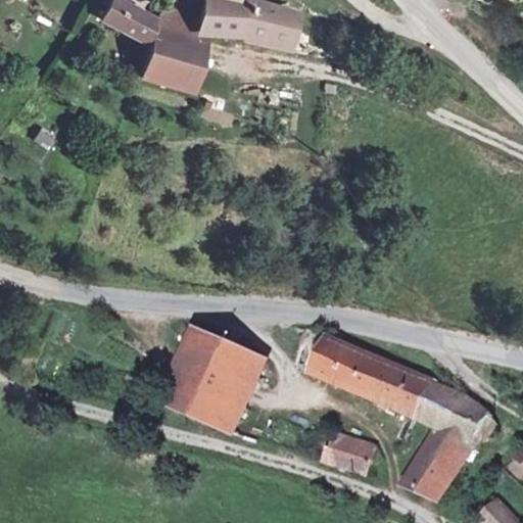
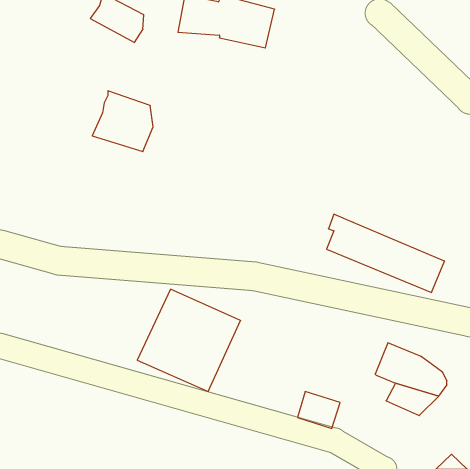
building: [141,28,208,95] -> [92,91,153,152]
building: [299,328,430,415] -> [327,214,445,292]
building: [406,444,465,501] -> none

